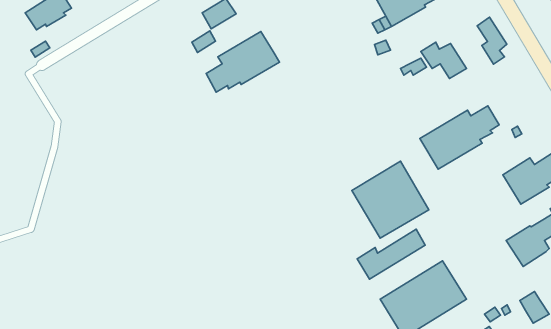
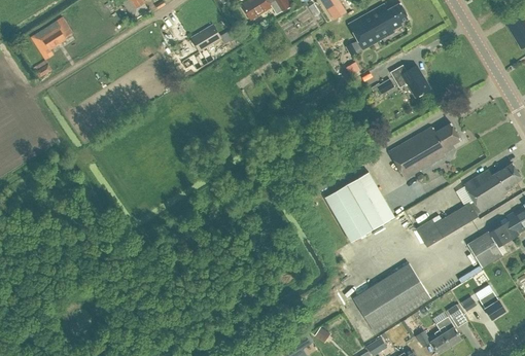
building: [477,17,507,64] -> none
building: [206,32,280,92] -> none
building: [357,229,425,279] -> [417,202,479,247]

